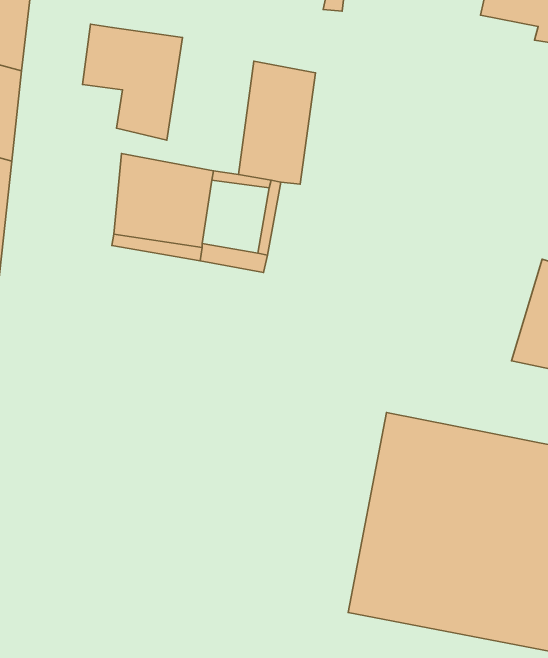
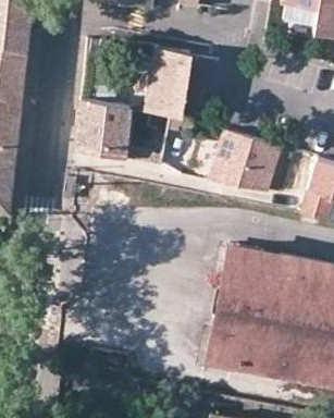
building: [83,24,182,140] -> none
building: none -> [209,131,282,195]

